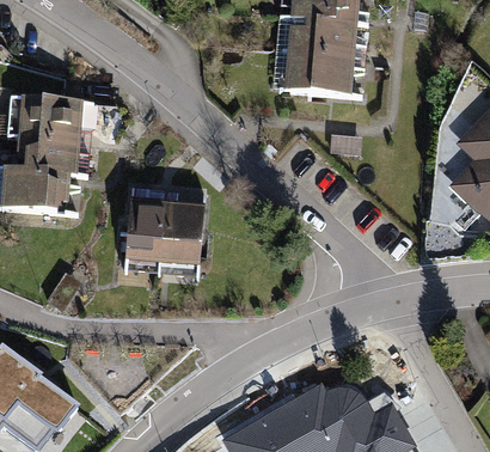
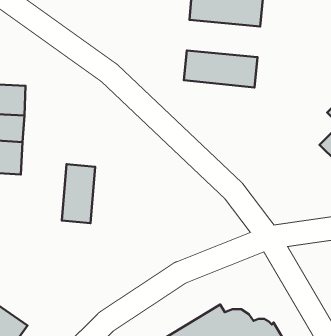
building: [281,25,373,72] -> none
building: [160,209,202,282] -> none

